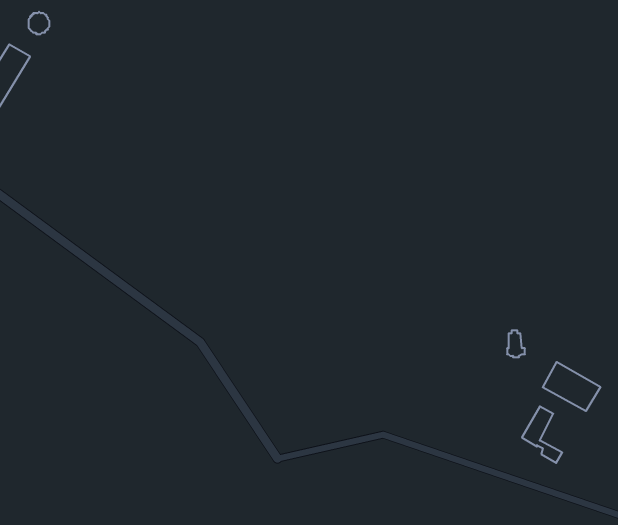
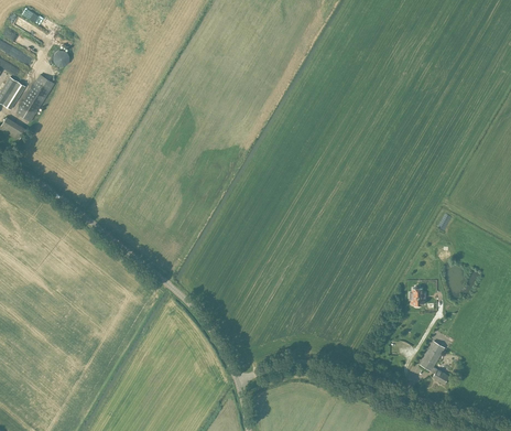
building: [543,362,600,411] -> none

